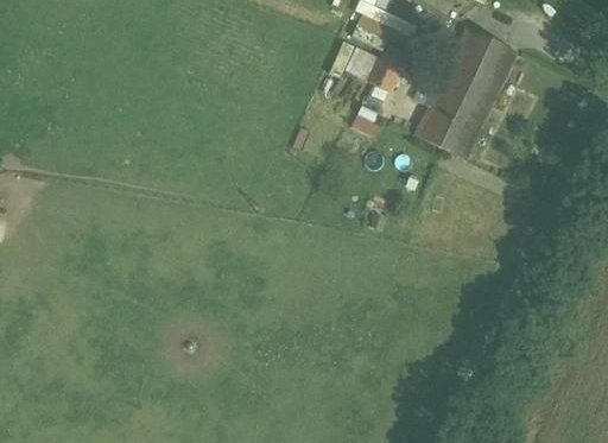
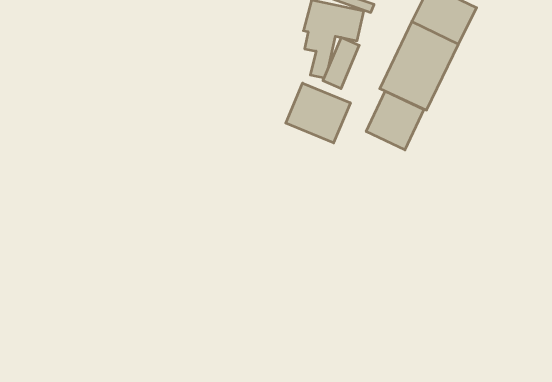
building: none -> [286,83,350,143]
building: none -> [366,91,424,150]

